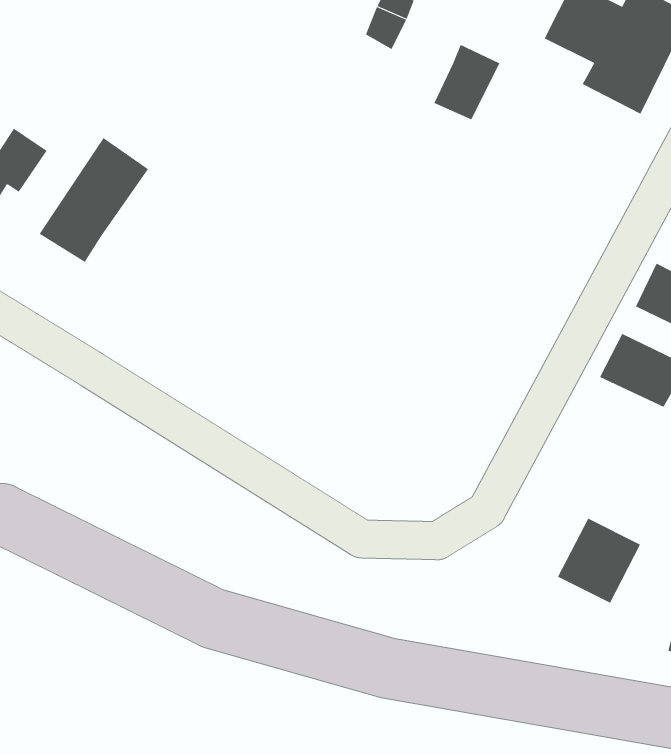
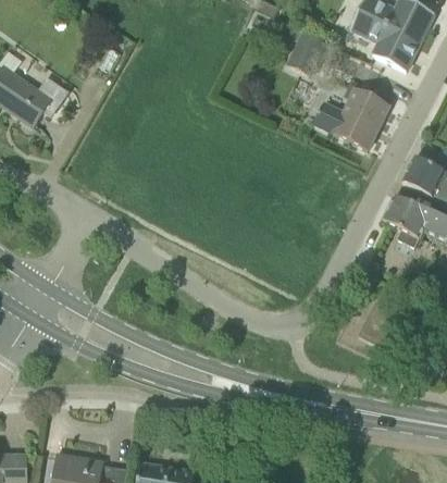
building: [39,137,149,263] -> none
building: none -> [313,88,388,148]

